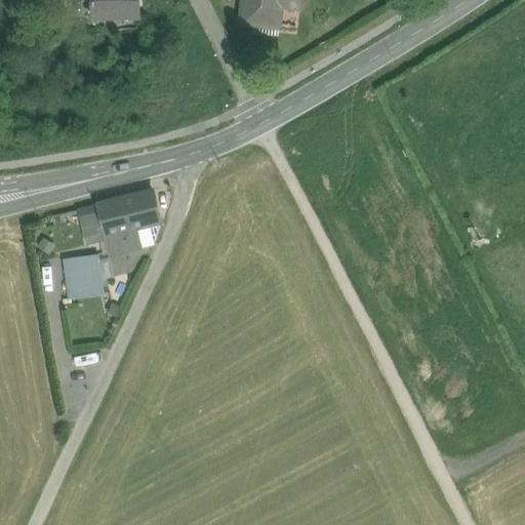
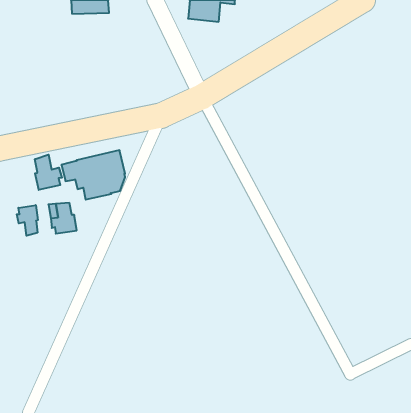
building: none -> [35,155,62,190]
building: none -> [17,205,38,236]

